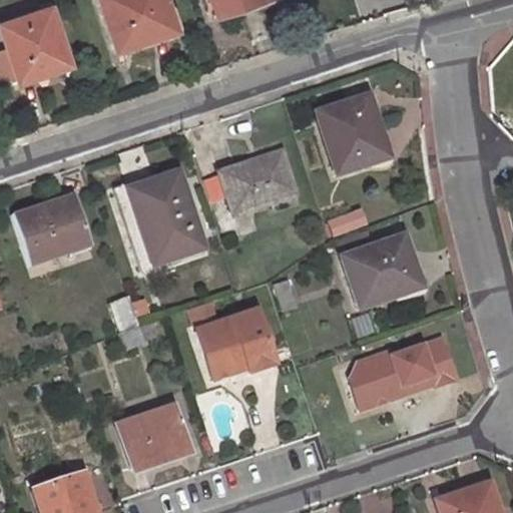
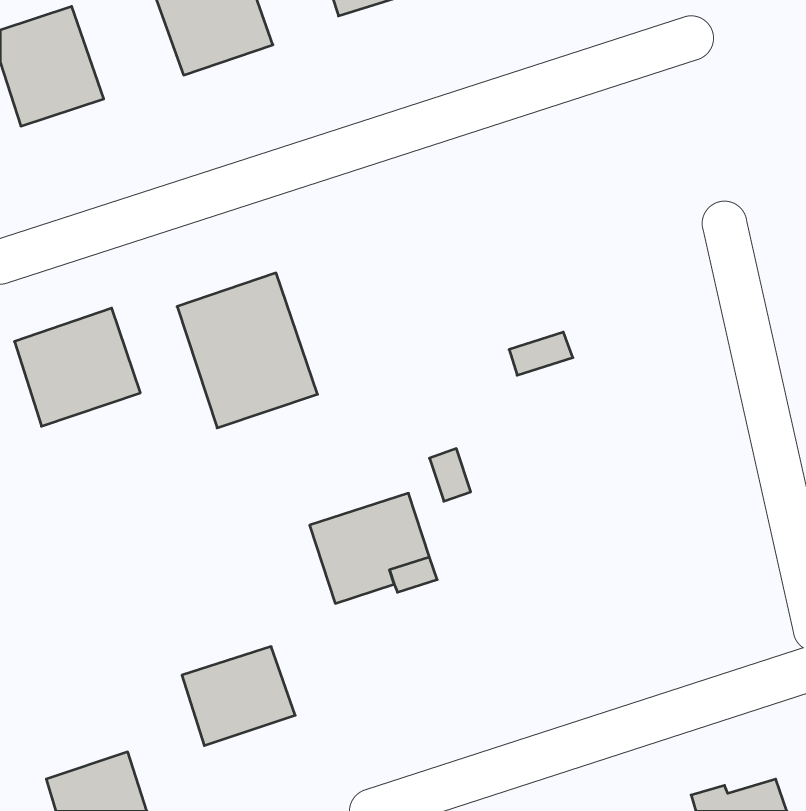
building: [320,98,390,175] -> none
building: [222,150,298,213] -> none
building: [345,236,416,307] -> none
building: [342,337,455,408] -> none

